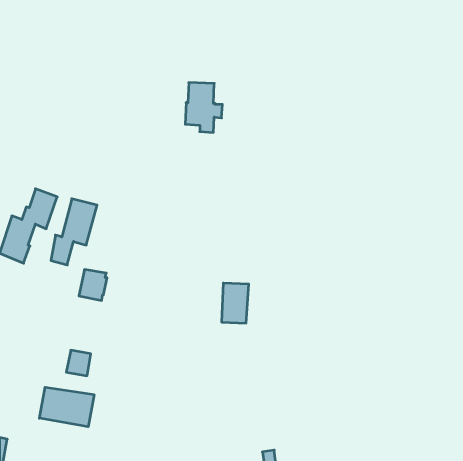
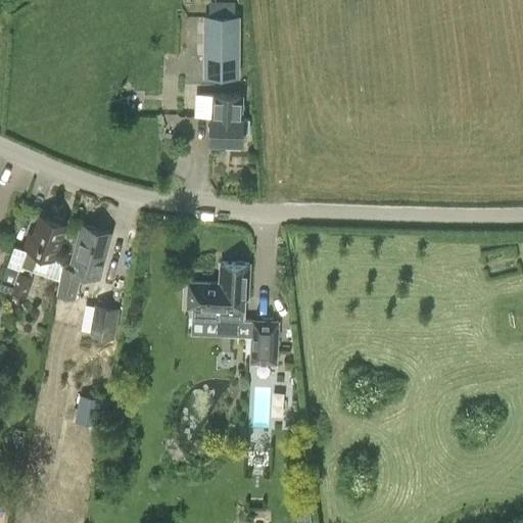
building: none -> [204,17,239,81]
building: none -> [185,264,249,326]
building: [39,387,94,427] -> none

